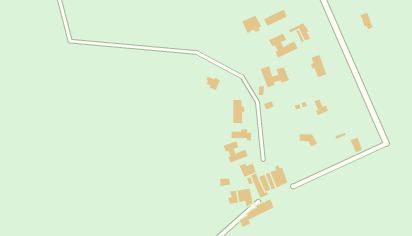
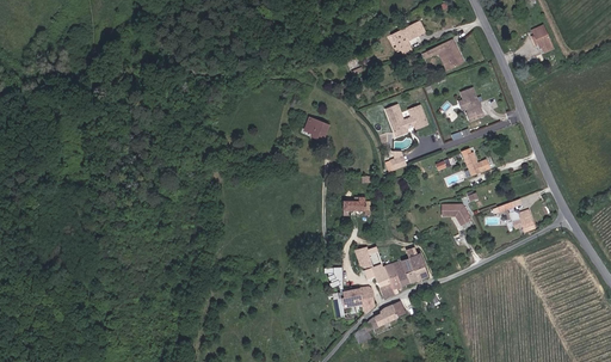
building: [241,15,262,34] -> none
building: [268,33,299,58] -> none
building: [233,99,245,124] -> none
building: [223,141,249,163] -> none

